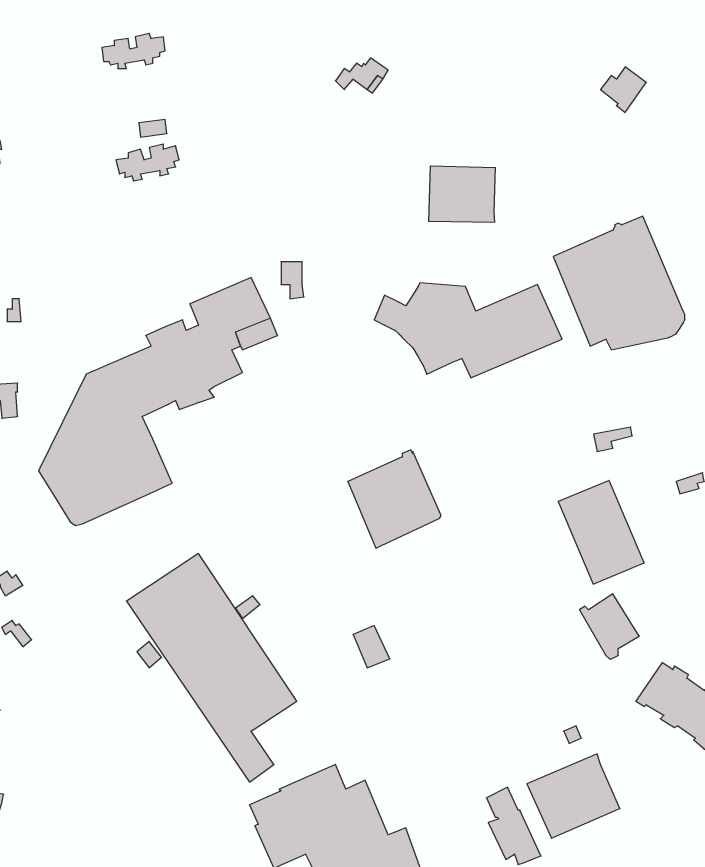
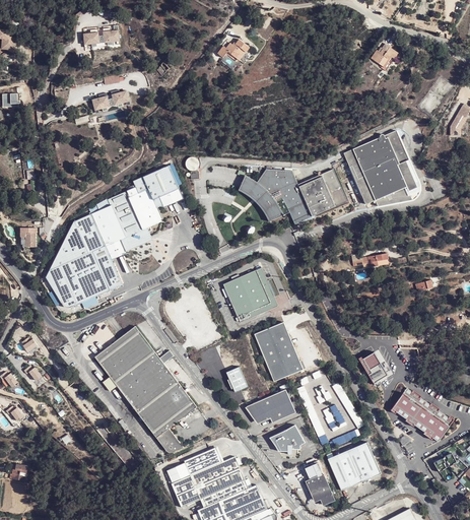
building: [429,166,495,222] -> none
building: none -> [105,229,152,259]
building: [558,480,644,584] -> [253,321,303,381]
building: none -> [244,388,295,424]
building: none -> [269,425,305,451]

